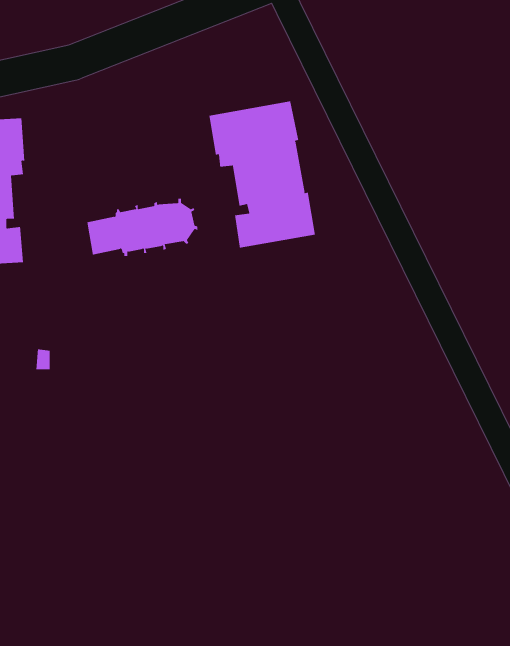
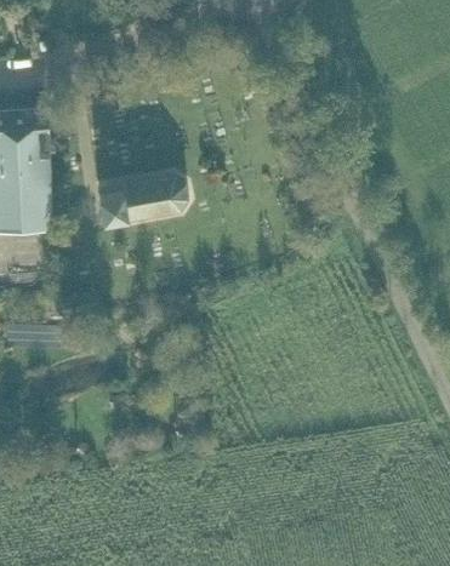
building: [209,101,315,248] -> none

